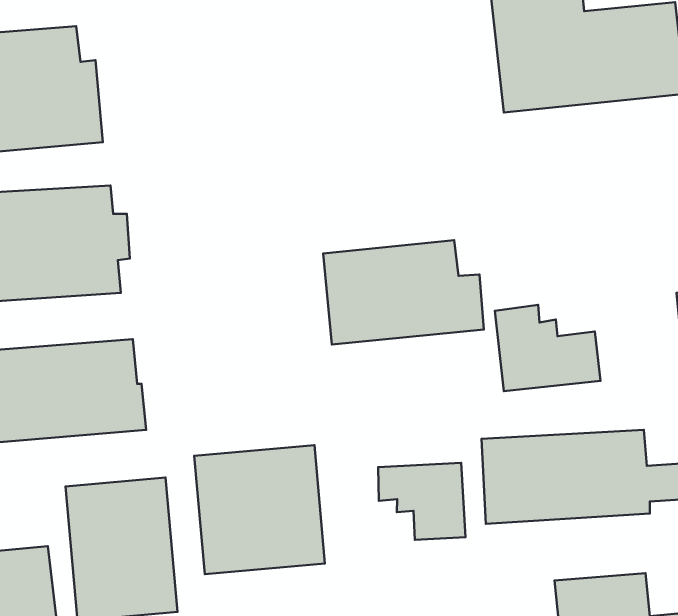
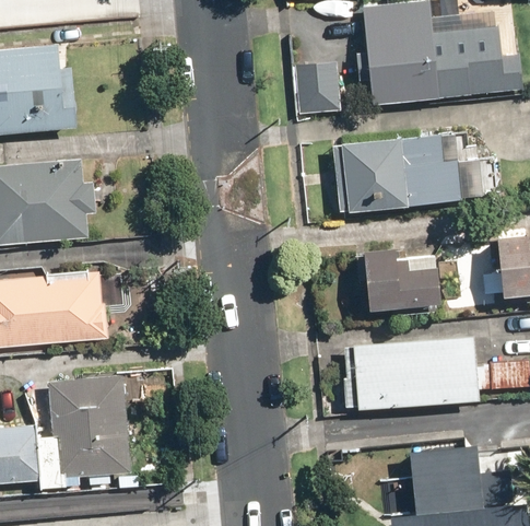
building: none -> [292,61,339,115]
building: [323,240,484,344] -> [342,136,460,212]
building: [194,445,325,574] -> none
building: [378,463,466,540] -> none

